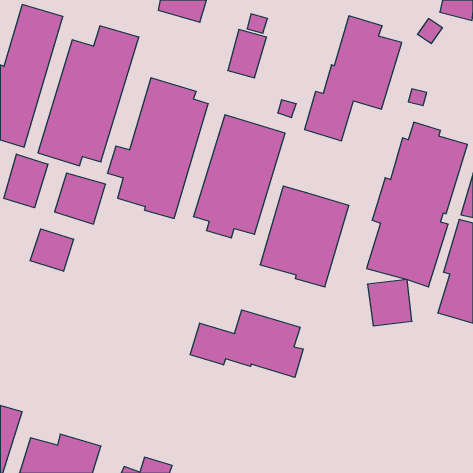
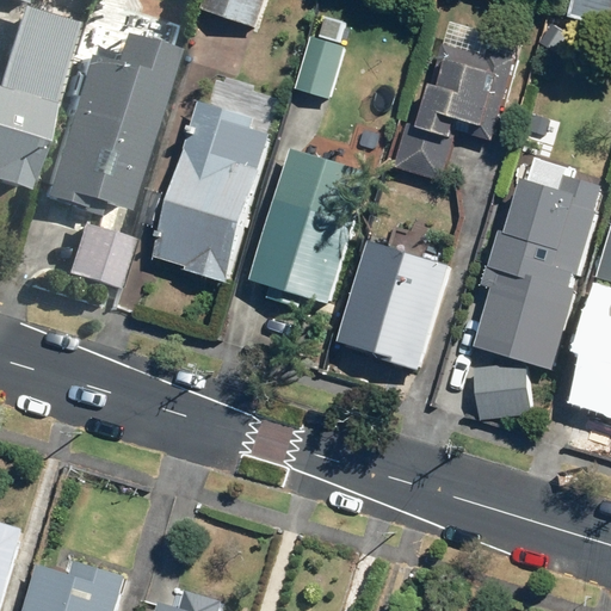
building: [4,154,48,208] -> none
building: [30,229,74,271] -> none
building: [190,310,303,377] -> none

